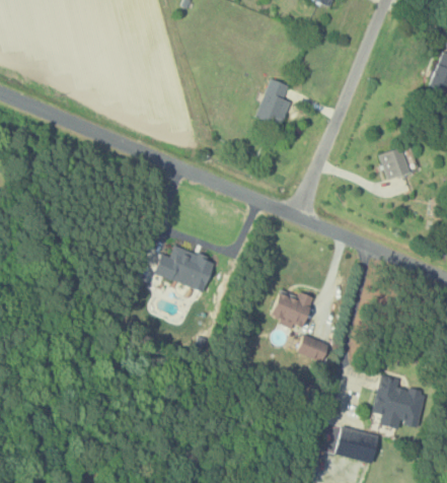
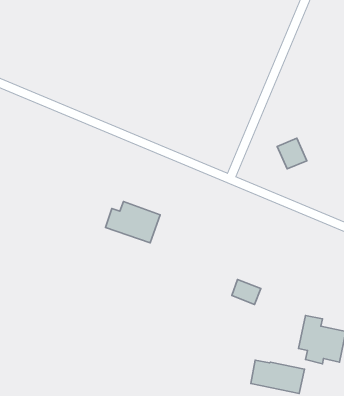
building: [255,78,291,127] -> none
building: [378,146,412,181] -> [277,138,307,169]
building: [271,290,314,329] -> none

